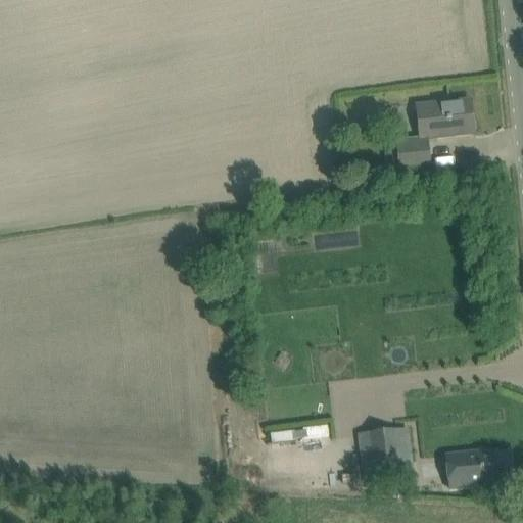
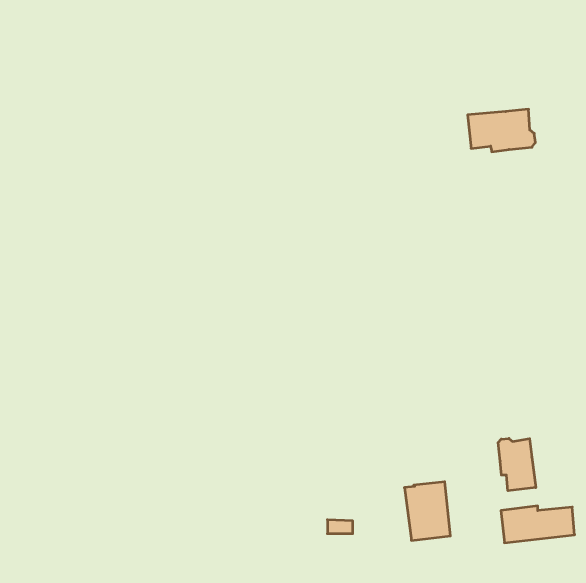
building: [394,134,432,171] -> none
building: none -> [498,438,536,491]

